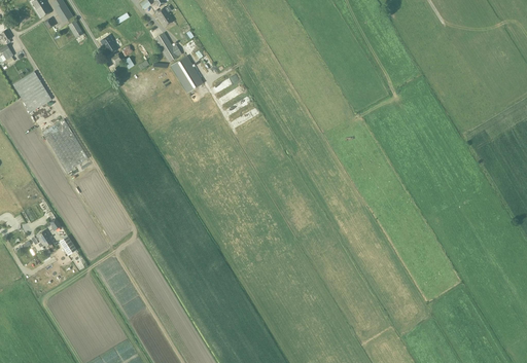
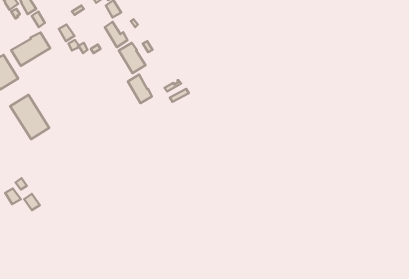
building: none -> [11,33,50,66]
building: none -> [128,75,152,103]

